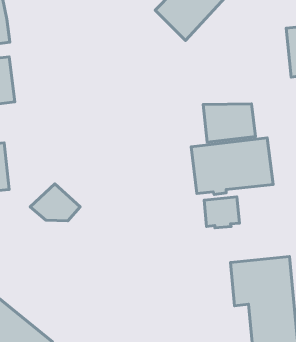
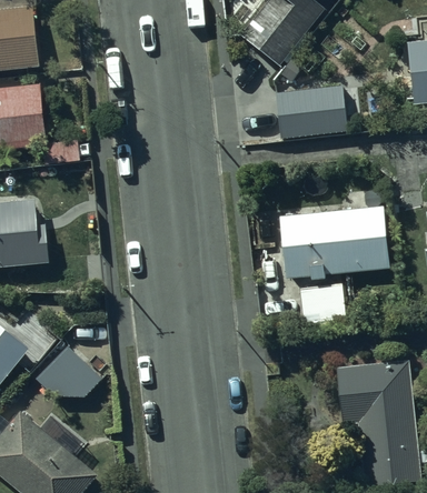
building: [203,104,255,142] -> [274,80,345,132]
building: [30,184,80,221] -> [32,340,100,390]

